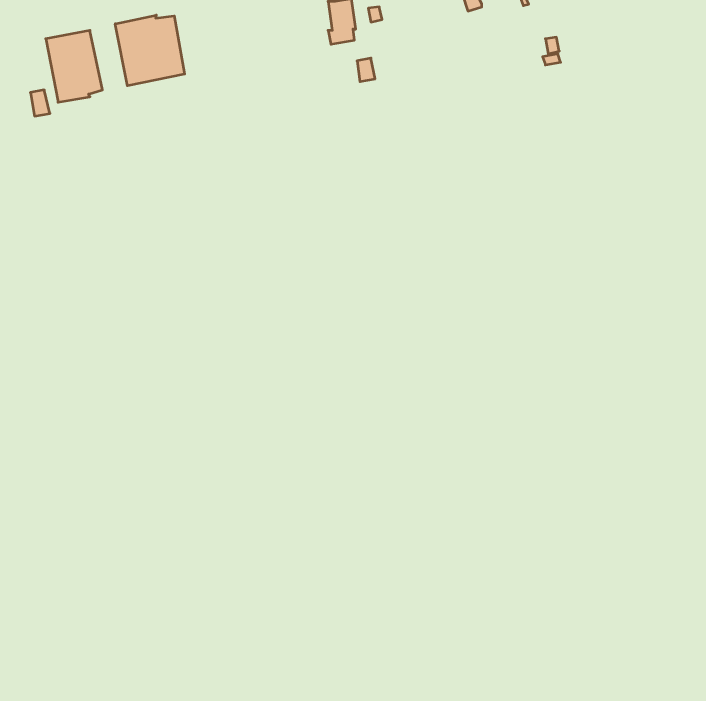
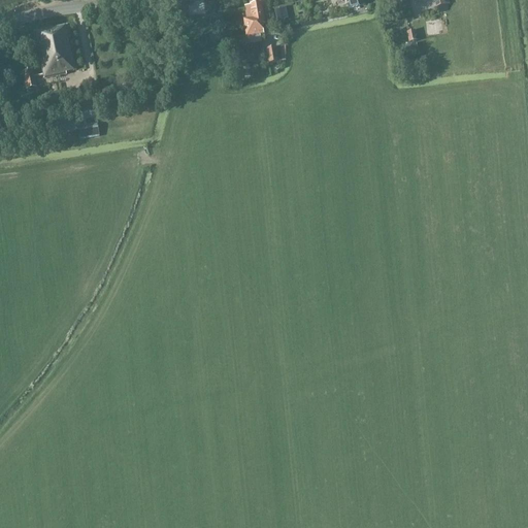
building: [115,15,185,86] -> none

